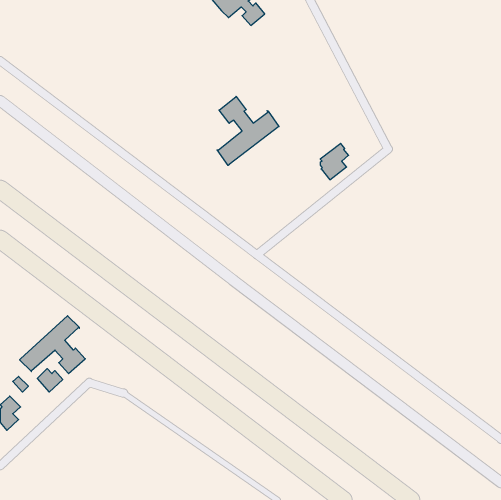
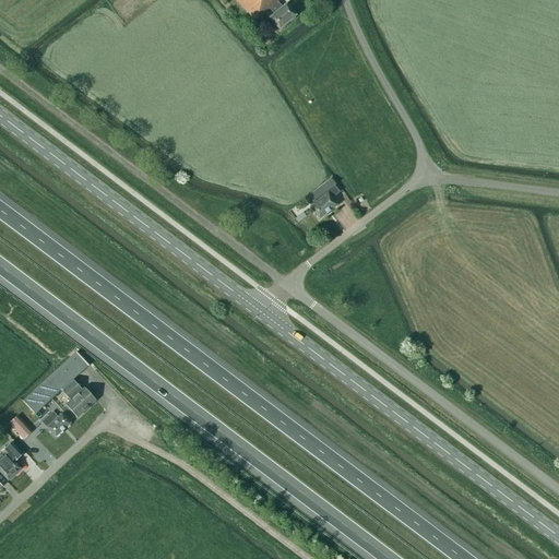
building: [217,96,279,165] -> none
building: [320,143,349,180] -> [308,178,340,218]

